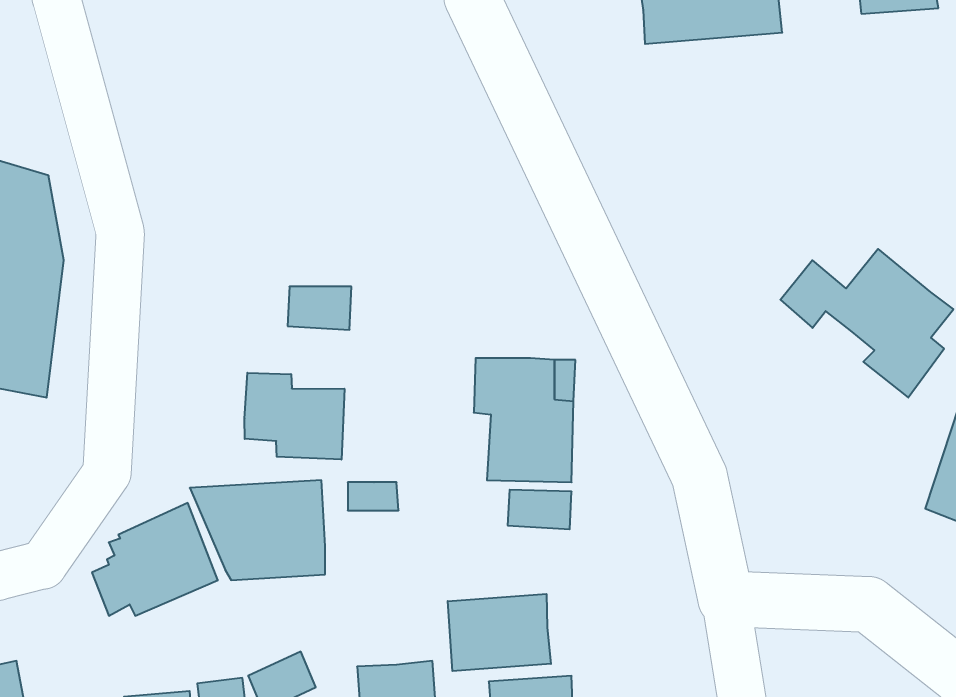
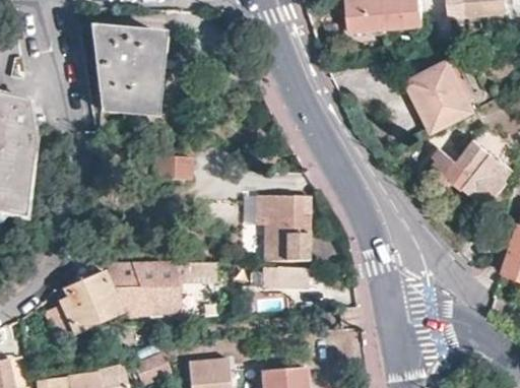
building: none -> [92,27,162,114]
building: none -> [409,55,475,126]
building: [245,373,344,460] -> none
building: [448,594,551,671] -> none

